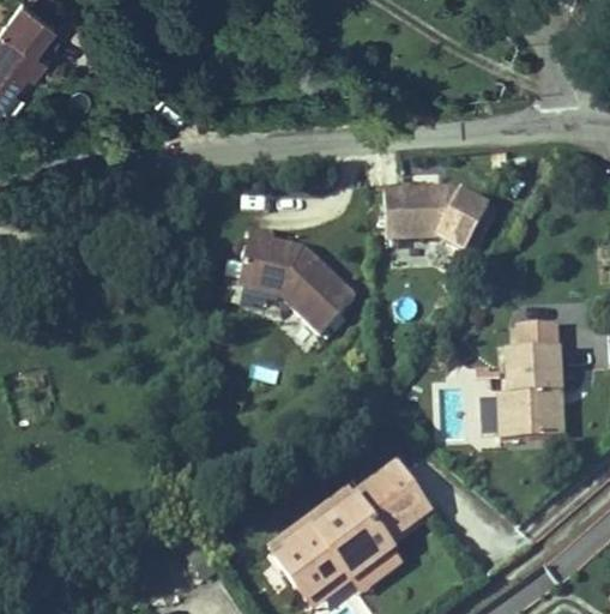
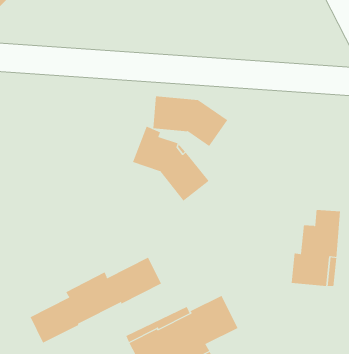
building: [386,187,499,254] -> [153,96,228,147]
building: none -> [30,257,162,344]

